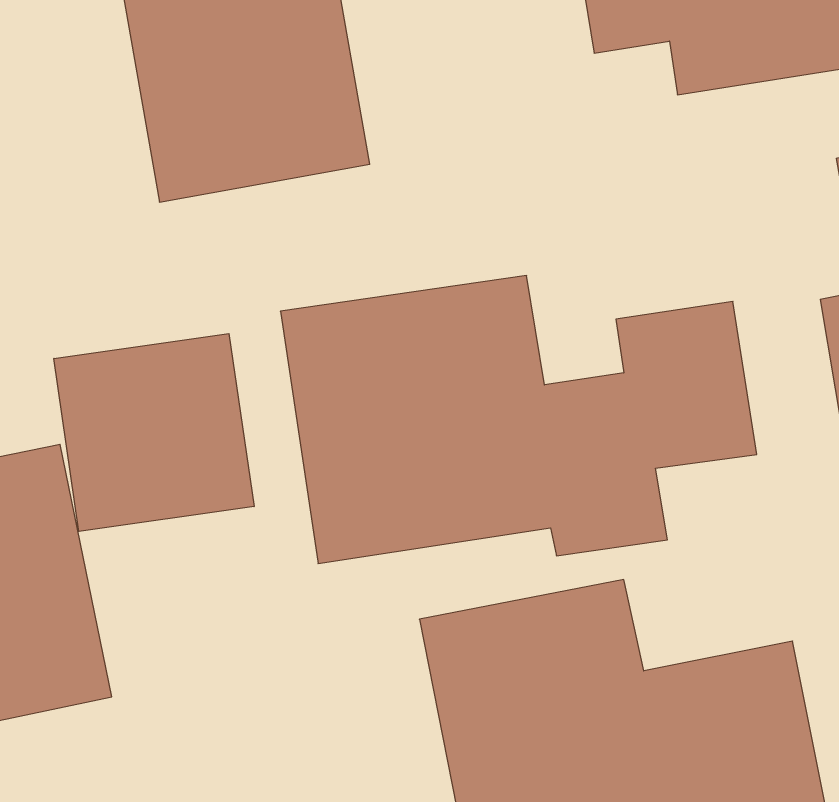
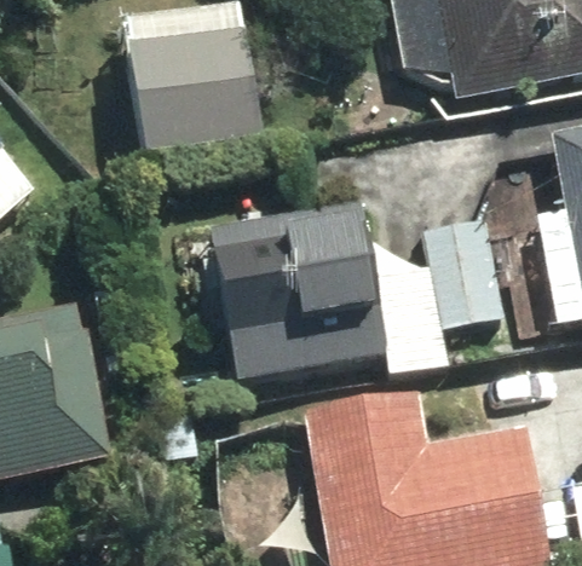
building: [54,334,254,531] -> none

